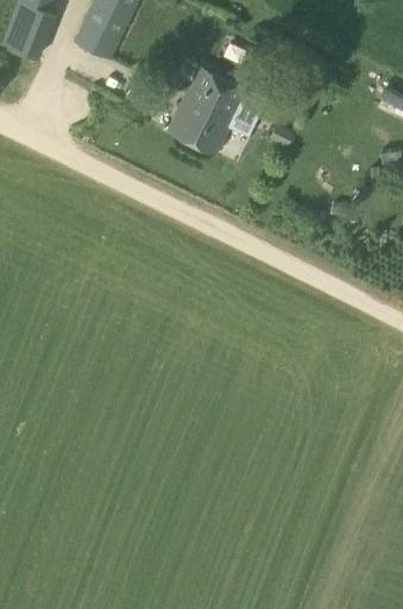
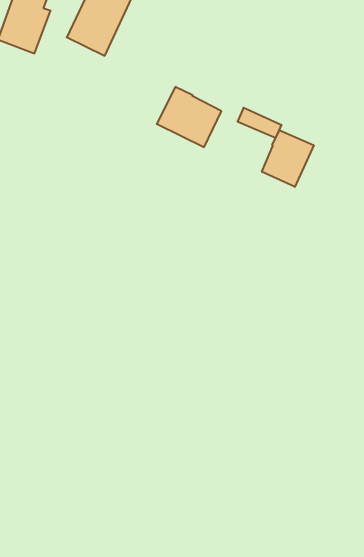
building: [184,65,246,118] -> none
building: none -> [262,130,314,187]

